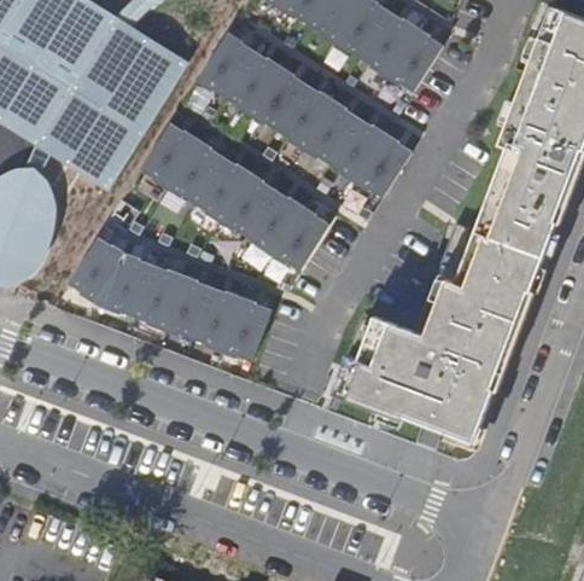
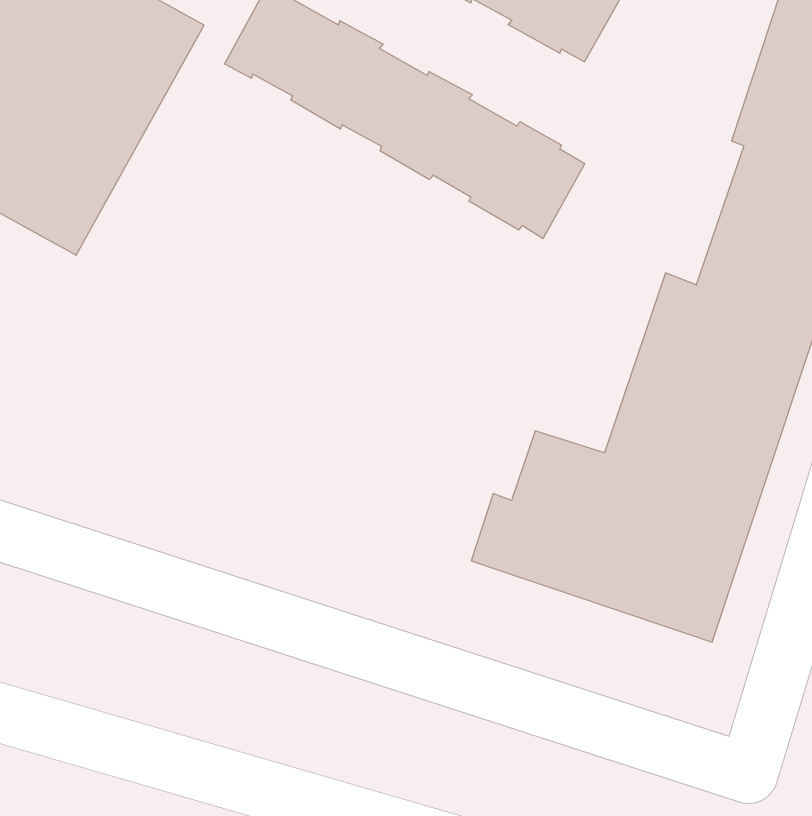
building: [142,122,329,269] -> none
building: [70,236,270,359] -> none

